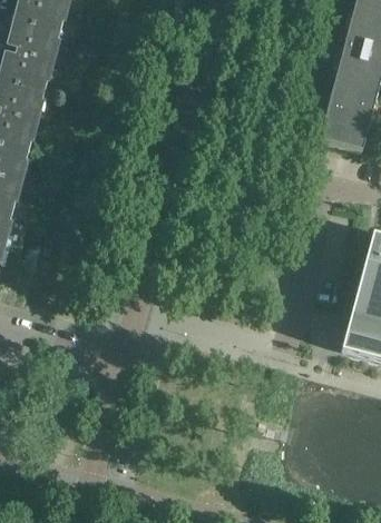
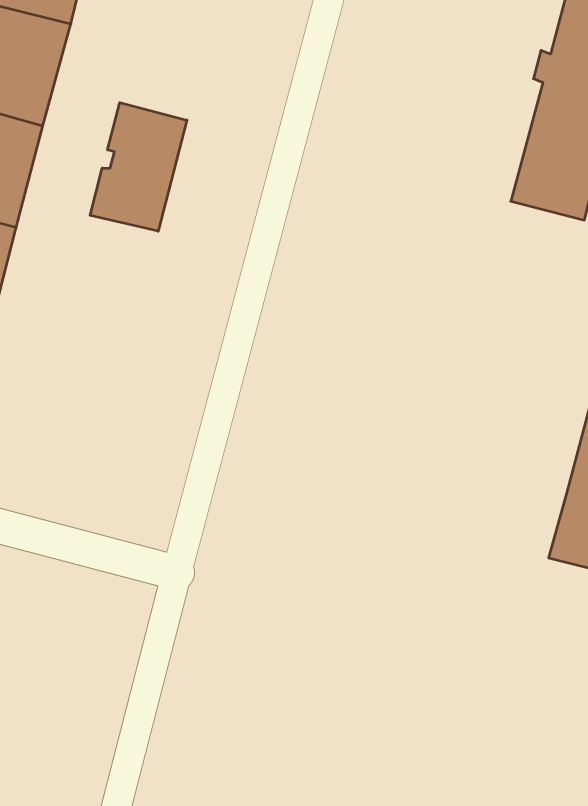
building: none -> [90,103,187,231]

